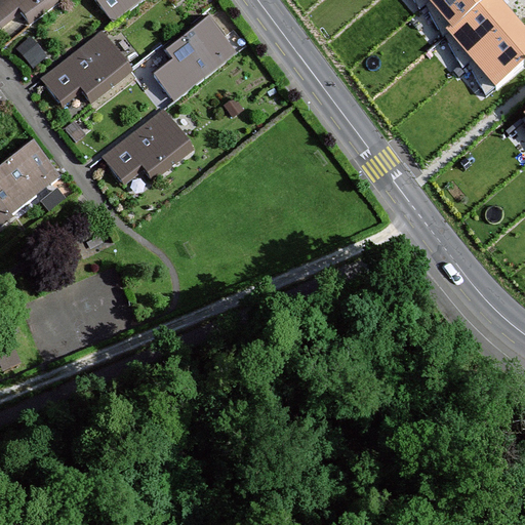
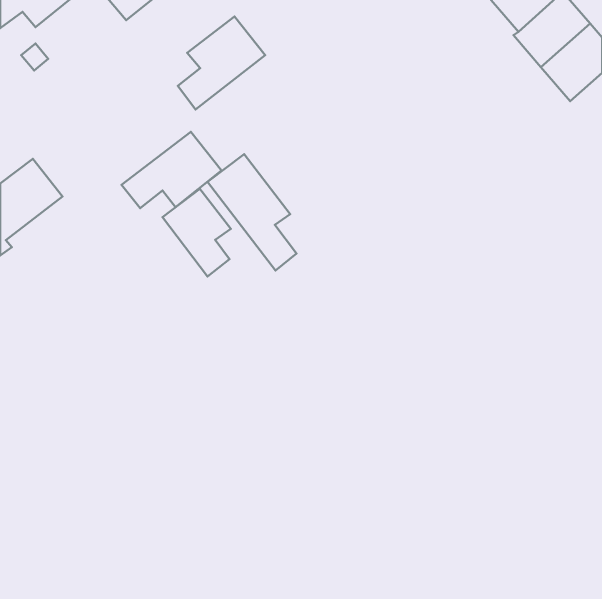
building: [45,37,131,104] -> none
building: none -> [208,154,297,271]
building: none -> [162,189,231,276]

